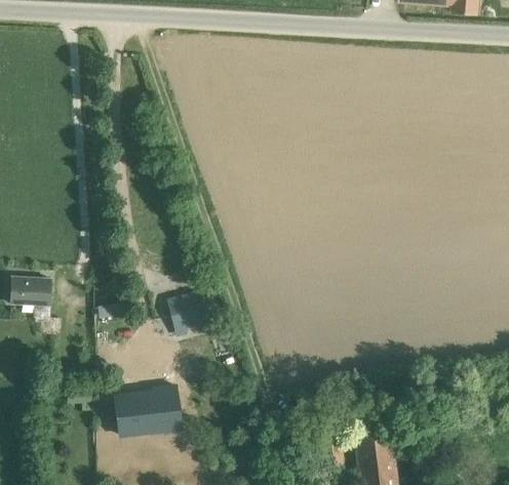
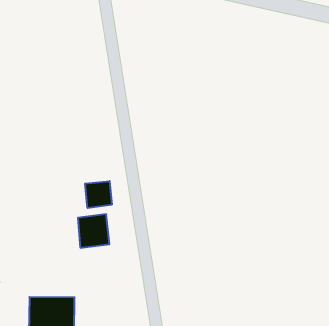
building: none -> [85,181,112,208]

